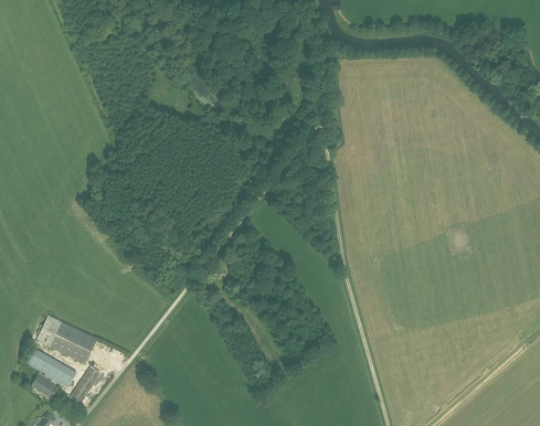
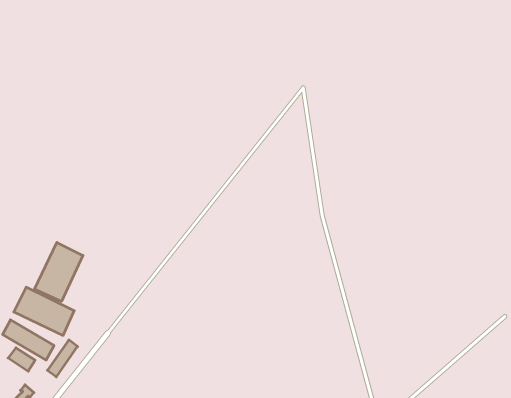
building: none -> [35,242,83,301]

